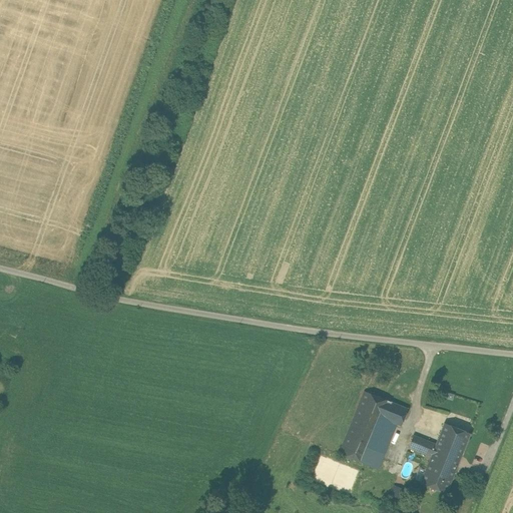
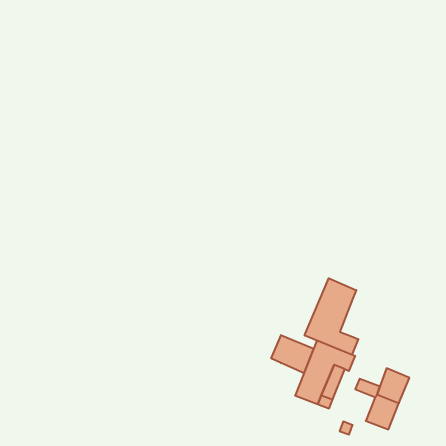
building: none -> [305,278,358,355]
building: none -> [271,335,314,373]

